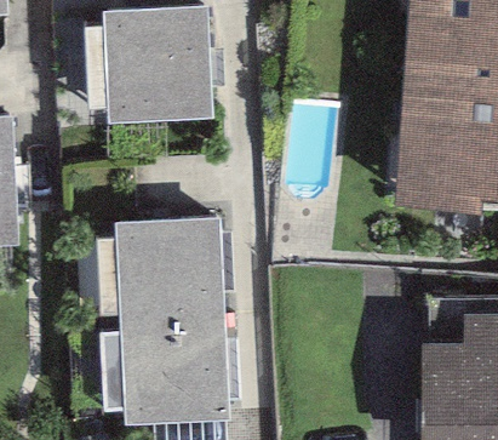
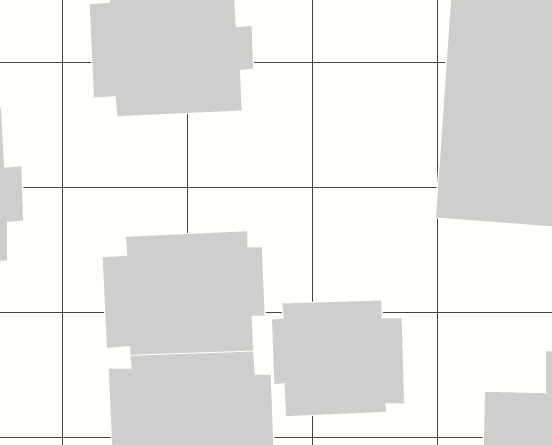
building: none -> [271,300,405,417]

